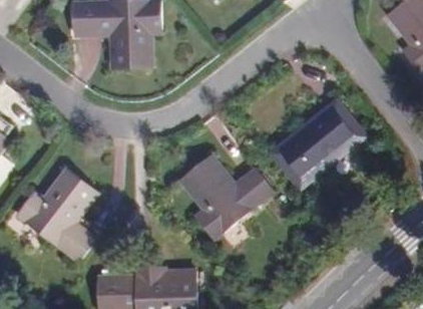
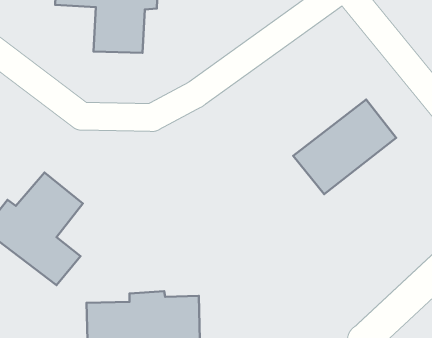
building: [176,158,271,240] -> none

